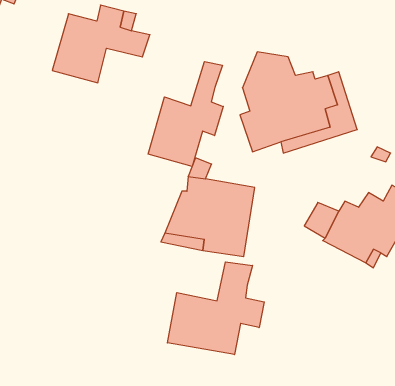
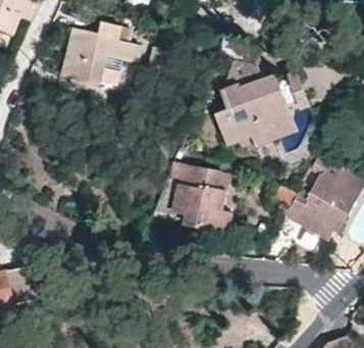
building: [148,62,223,167] -> none
building: [167,262,264,355] -> none

